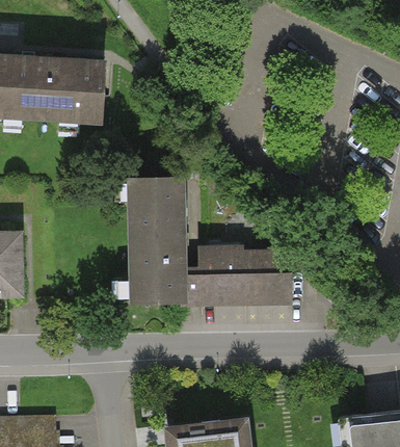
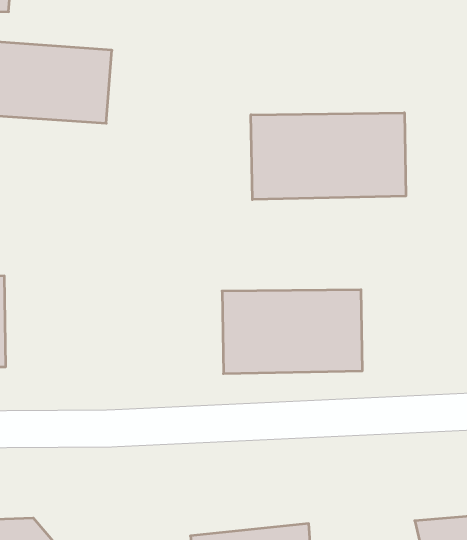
building: none -> [251,113,406,200]
building: [126,180,187,308] -> none

